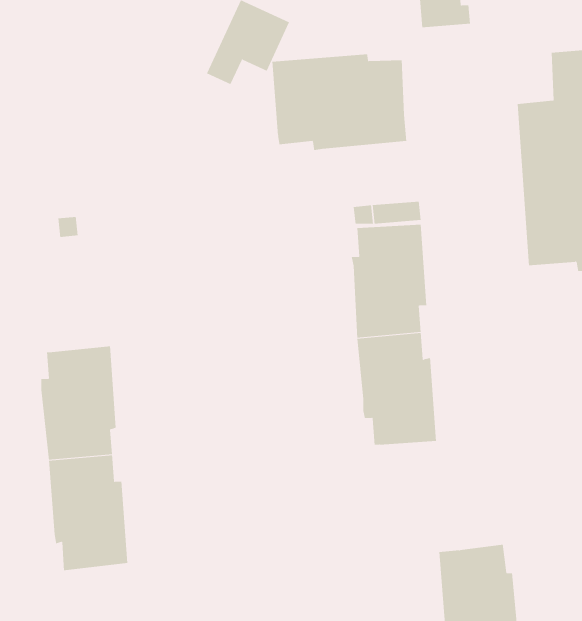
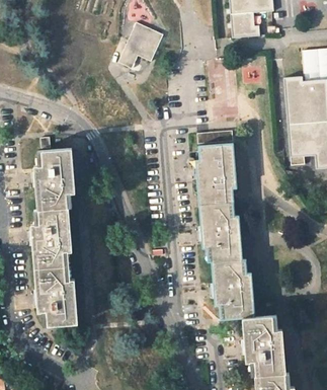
building: [272,53,407,151] -> none
building: none -> [33,149,75,211]
building: none -> [211,257,253,319]

